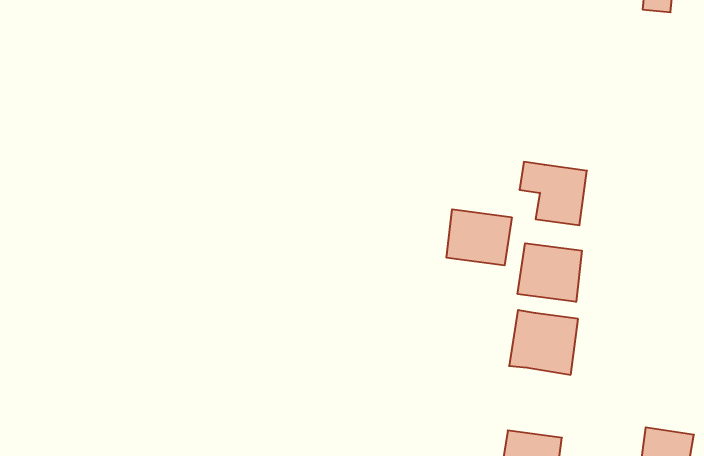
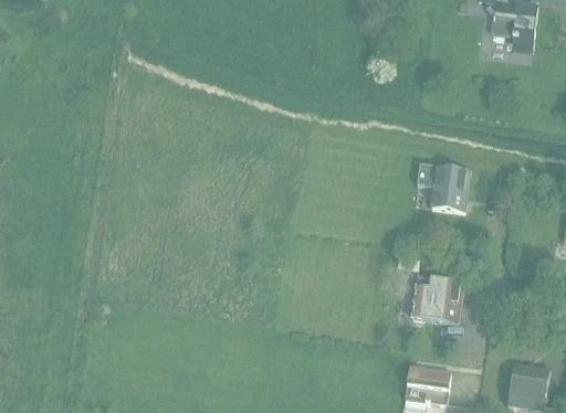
building: [447,209,512,265] -> none
building: [518,243,582,302] -> none

